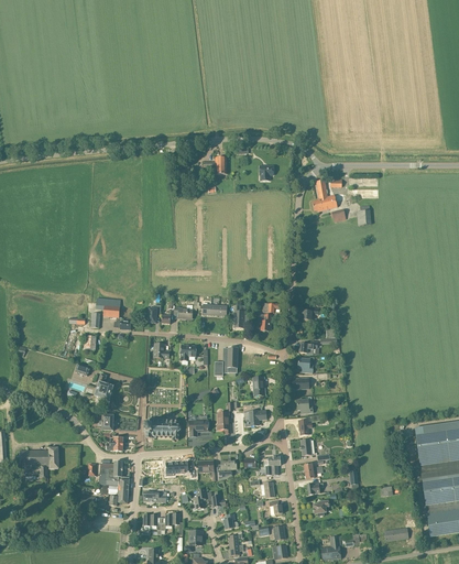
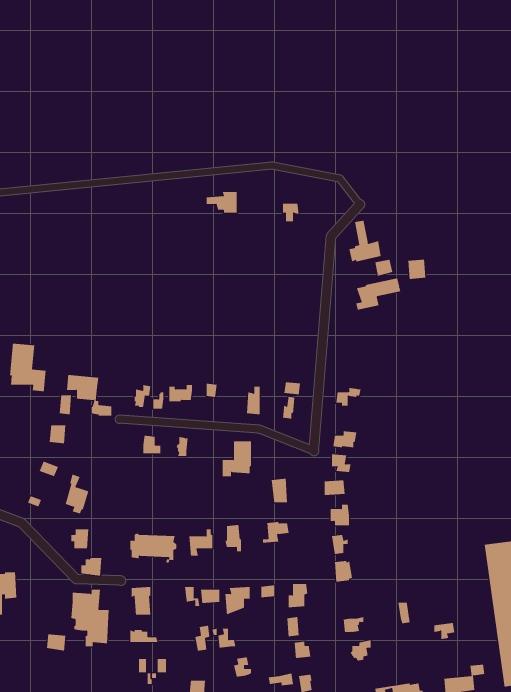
building: none -> [356,277,401,311]
building: none -> [9,343,46,392]

